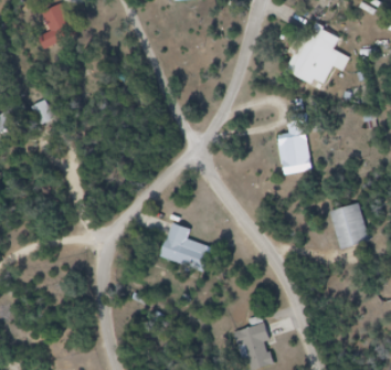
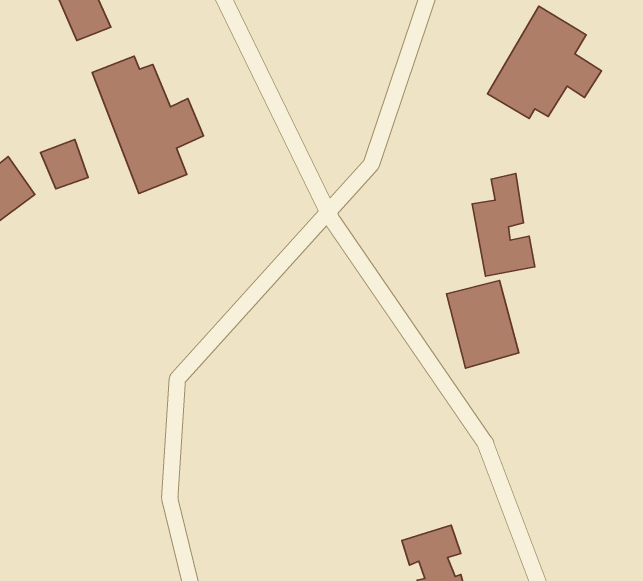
building: none -> [92,56,203,194]
building: [328,204,370,255] -> [446,281,519,368]
building: [159,223,215,275] -> none

